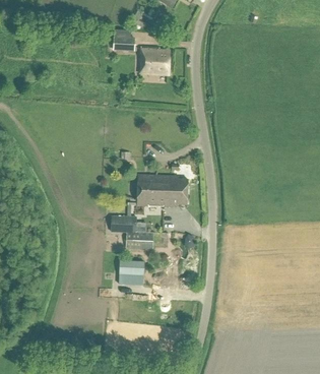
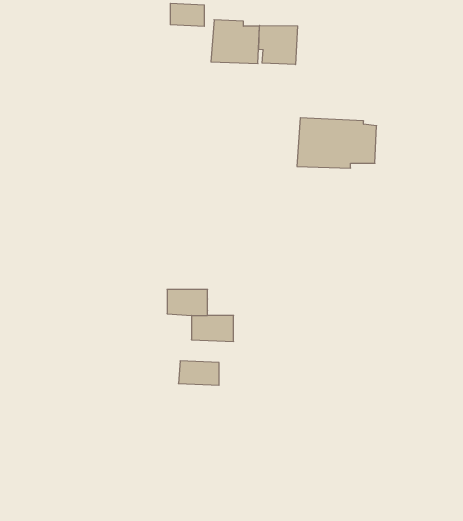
building: none -> [259,25,298,65]
building: [137,174,187,205] -> [297,118,377,168]

